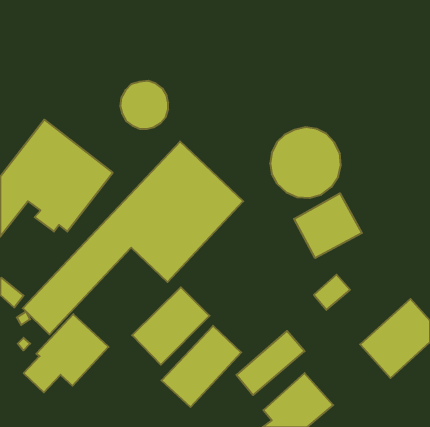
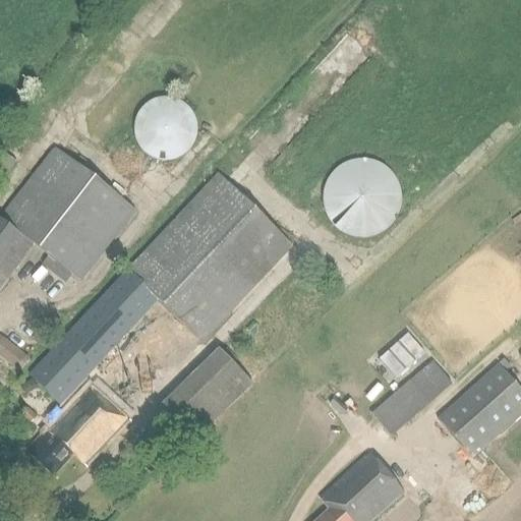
building: [294,193,362,258] -> none
building: [161,326,241,407] -> none
building: [236,331,305,395] -> [370,358,453,436]

